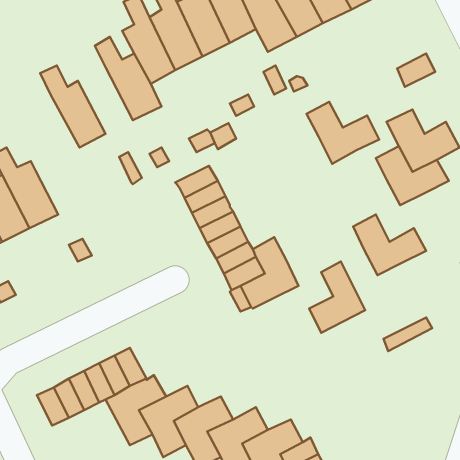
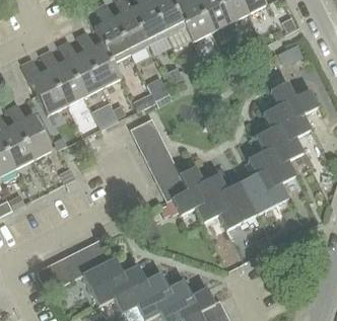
building: none -> [57,41,100,96]
building: none -> [20,59,65,114]
building: [306,102,379,164] -> [255,127,304,168]
building: none -> [195,173,234,221]
building: none -> [240,173,288,214]

